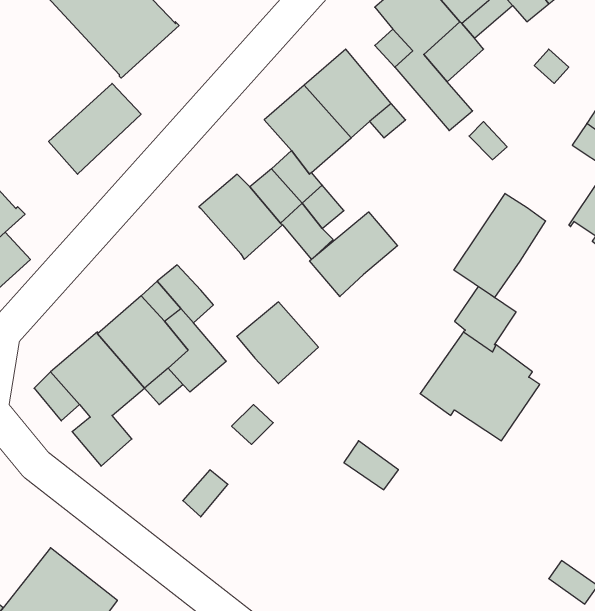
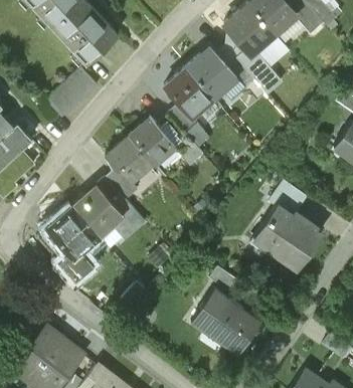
building: [454,193,546,298] -> none
building: [310,212,398,297] -> none
building: [237,302,318,384] -> [108,137,153,182]
building: none -> [190,287,261,353]

